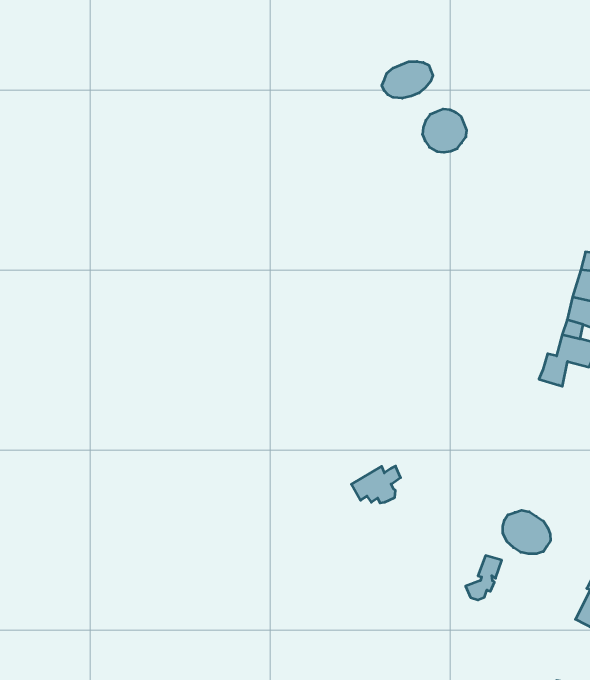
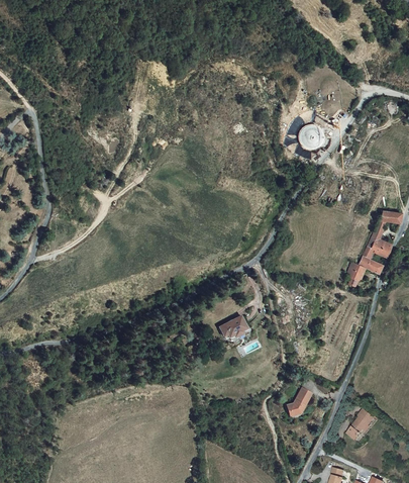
building: [382,61,433,98] -> none
building: [503,510,550,554] -> none

